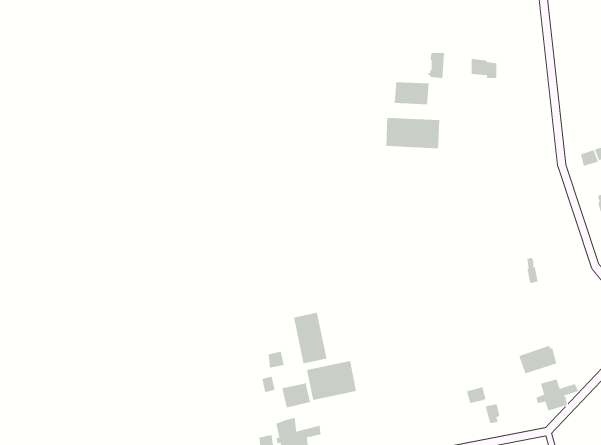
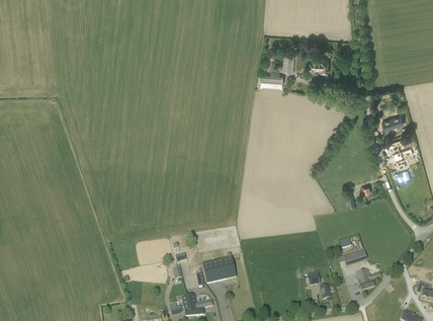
building: [386,117,440,149] -> none
building: [294,312,327,364] -> none

